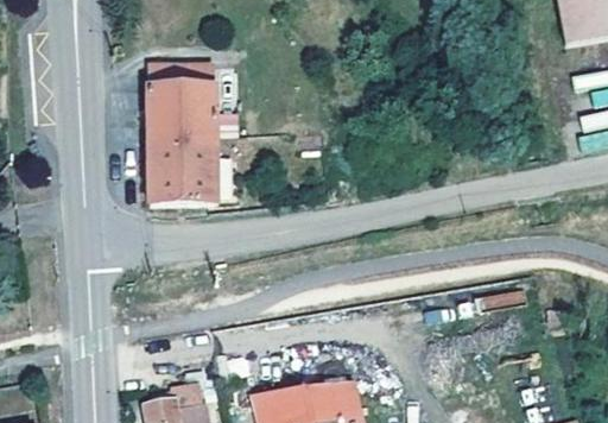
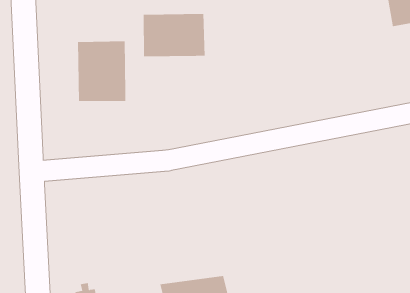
building: none -> [143,13,205,57]
building: [148,146,214,203] -> none

